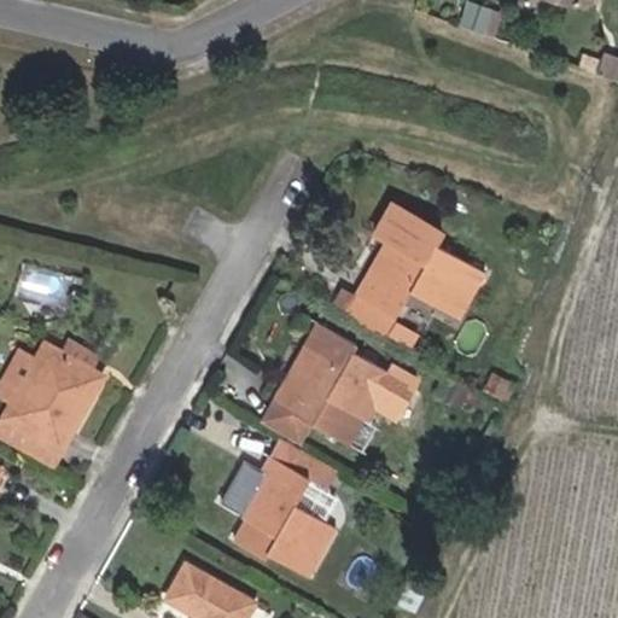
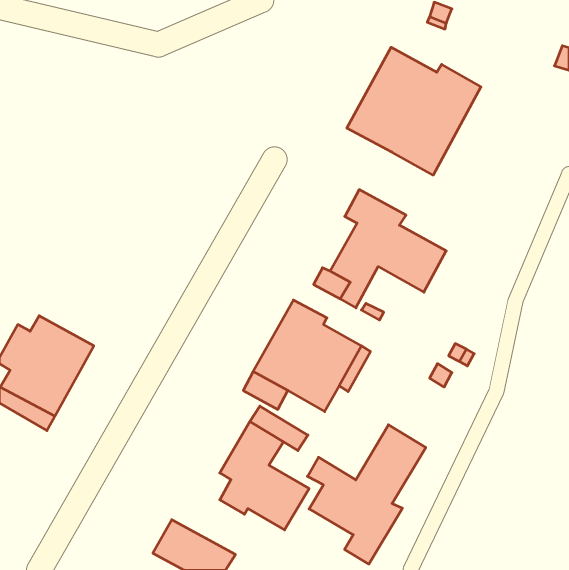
building: none -> [347,47,481,175]
building: none -> [307,425,426,564]

